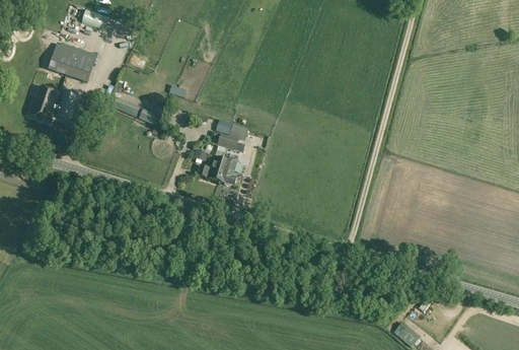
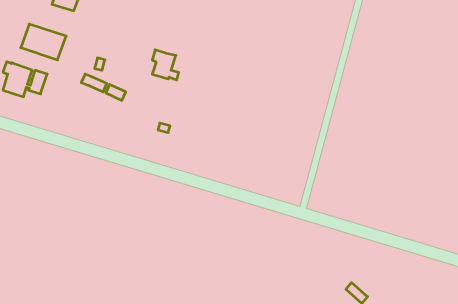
building: [218,119,246,151] -> [152,50,179,80]
building: [198,154,237,185] -> none

